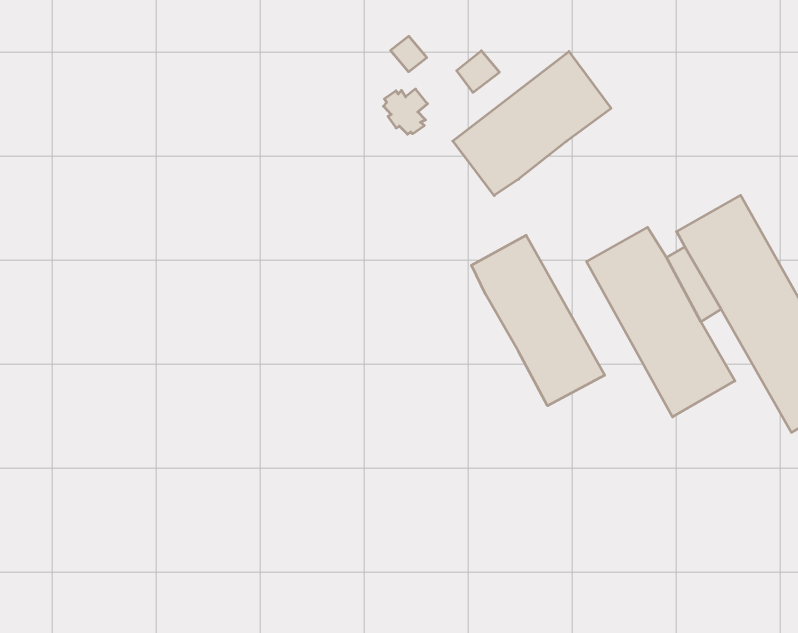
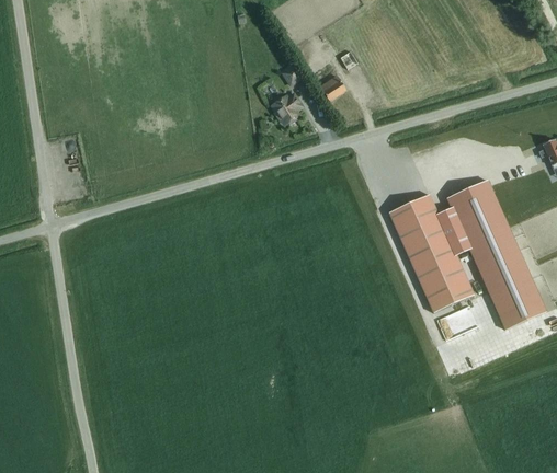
building: [453,51,611,196] -> none
building: [471,235,605,406] -> none

